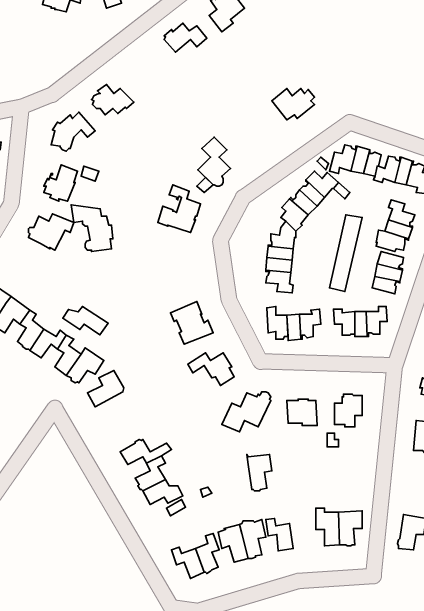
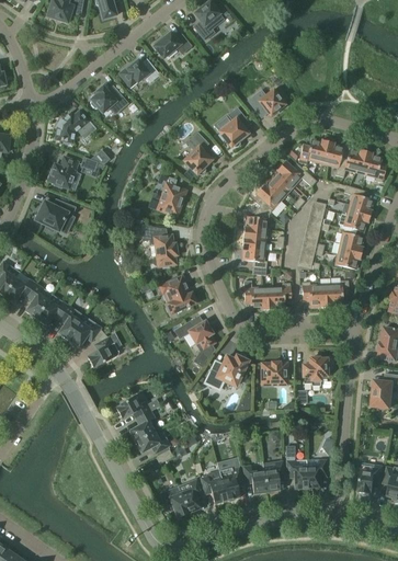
building: none -> [120,58,159,84]
building: none -> [218,107,250,146]
building: [71,205,113,251] -> [140,225,177,265]
building: [63,307,108,335] -> none
building: [247,454,272,491] -> [262,460,284,492]

